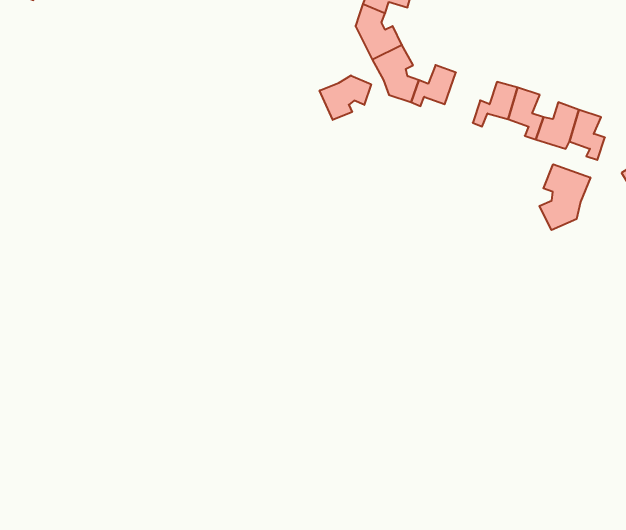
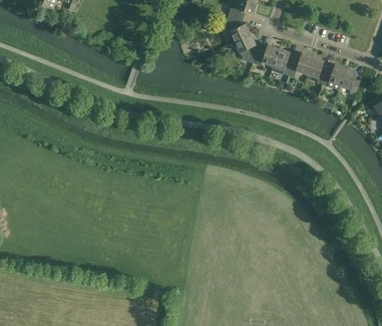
building: none -> [271,48,292,75]
building: [320,75,371,120] -> none
building: [539,164,590,230] -> none

